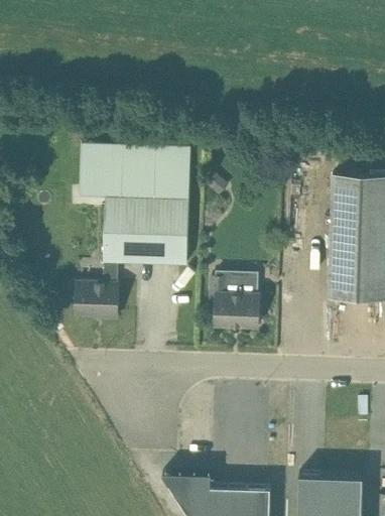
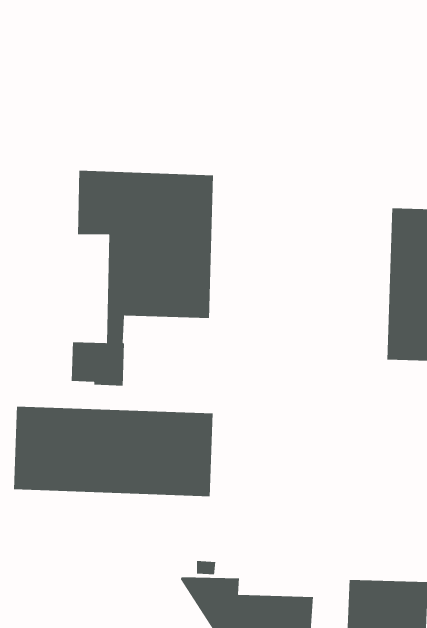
building: [211,270,259,327] -> none
building: none -> [13,406,213,497]

